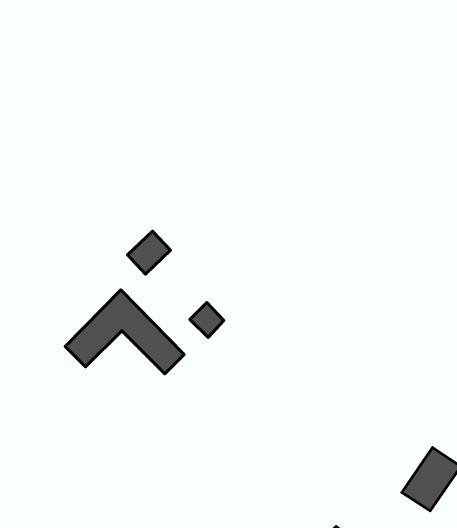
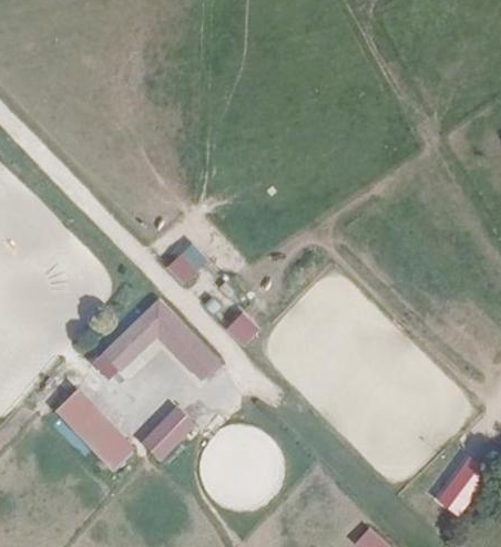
building: none -> [55,392,135,474]
building: none -> [139,403,195,460]

